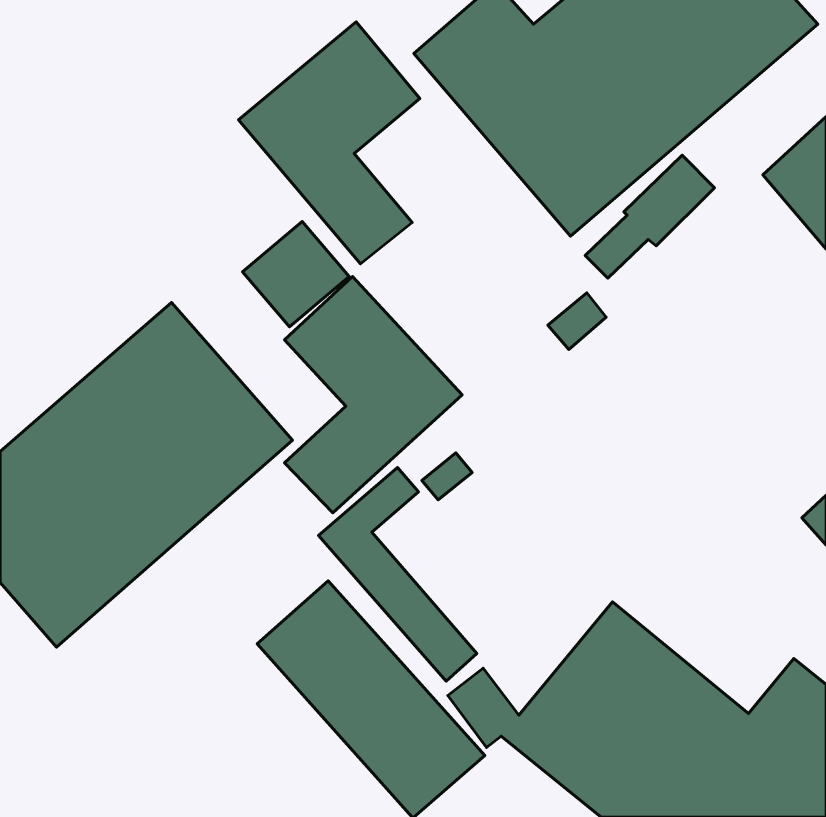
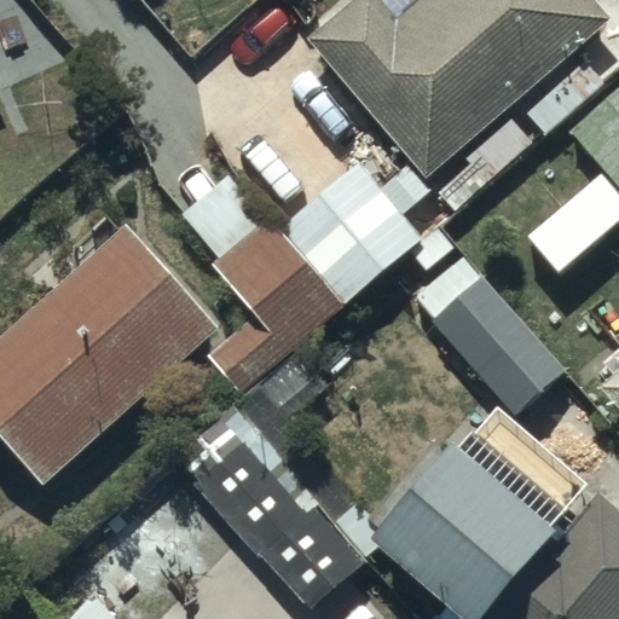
building: [238,22,420,264] -> none
building: none -> [280,131,422,291]
building: none -> [413,254,566,413]

